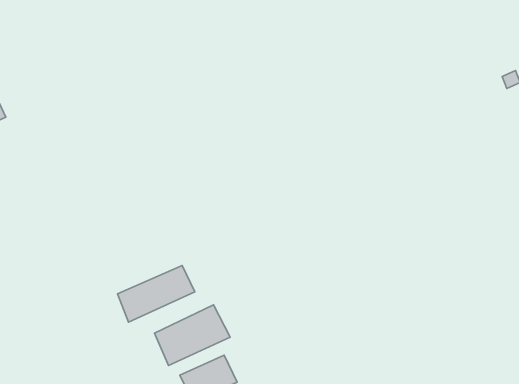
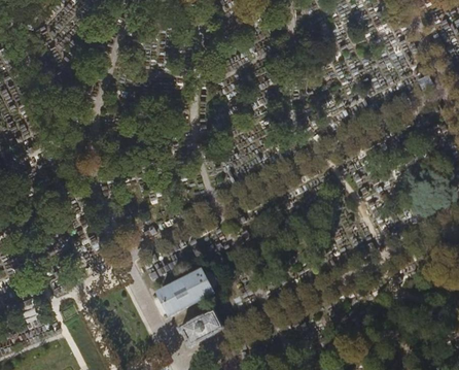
building: [118,266,195,322] -> none

